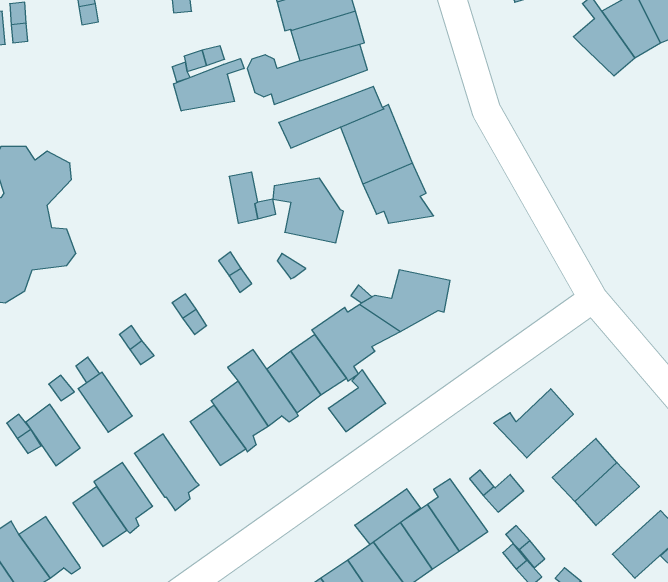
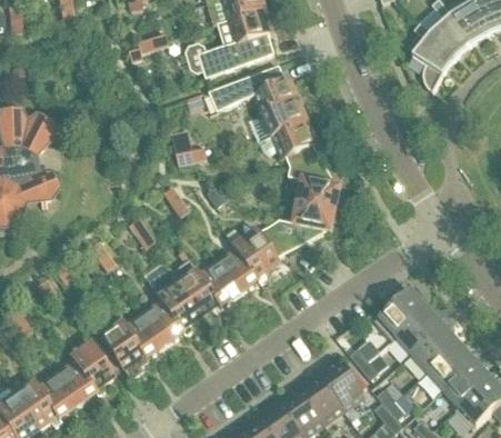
building: none -> [411,22,455,91]
building: [174,59,244,111] -> none
building: [273,178,343,243] -> [288,160,340,208]
building: [328,370,386,432] -> none
building: [78,372,132,432] -> [124,312,164,357]
building: [26,404,80,466] -> [38,372,78,418]
building: none -> [394,307,442,354]
building: none -> [442,360,490,410]
building: [355,489,420,544] -> none

